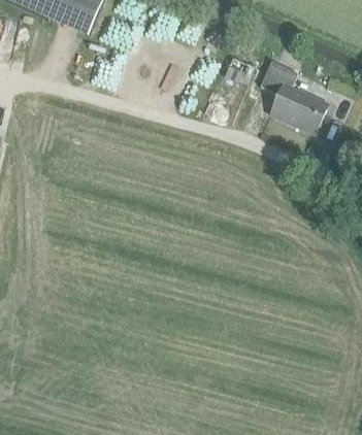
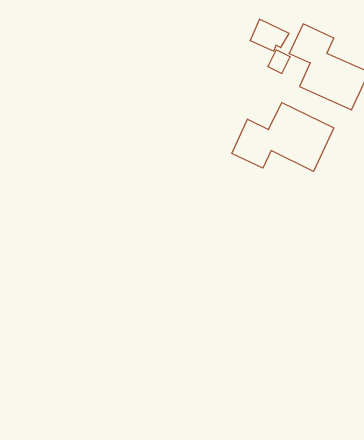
building: none -> [232,103,334,171]

